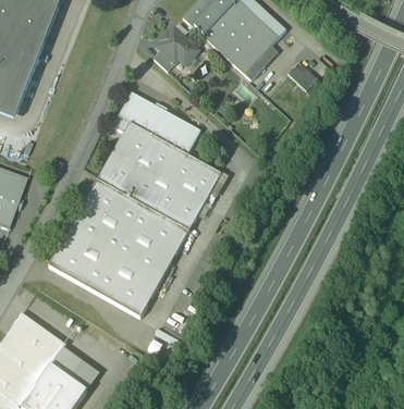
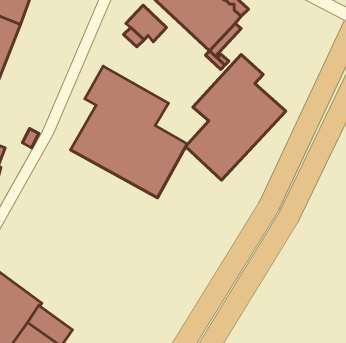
building: [285,59,316,89] -> none
building: none -> [186,54,286,180]
building: [48,179,188,317] -> none

